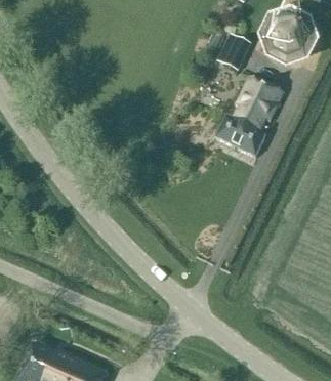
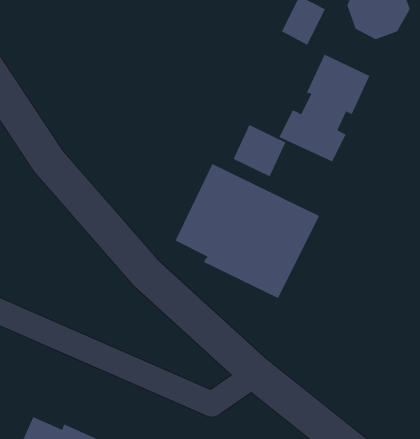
building: none -> [233,124,286,177]
building: none -> [175,163,319,299]

